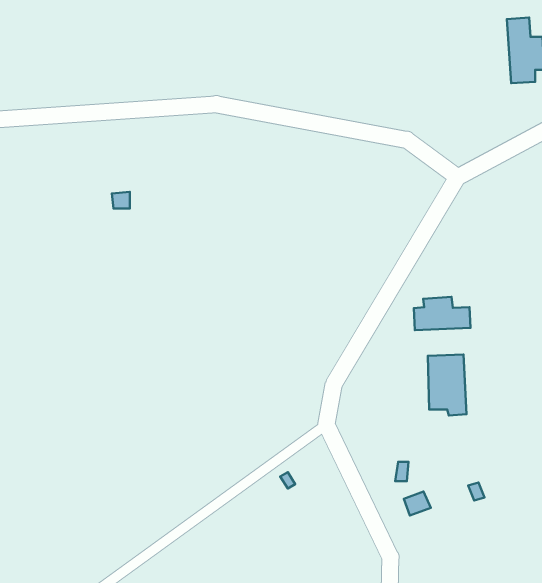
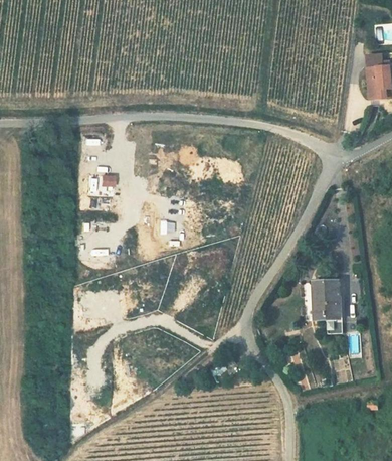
building: [414,297,470,330] -> none

